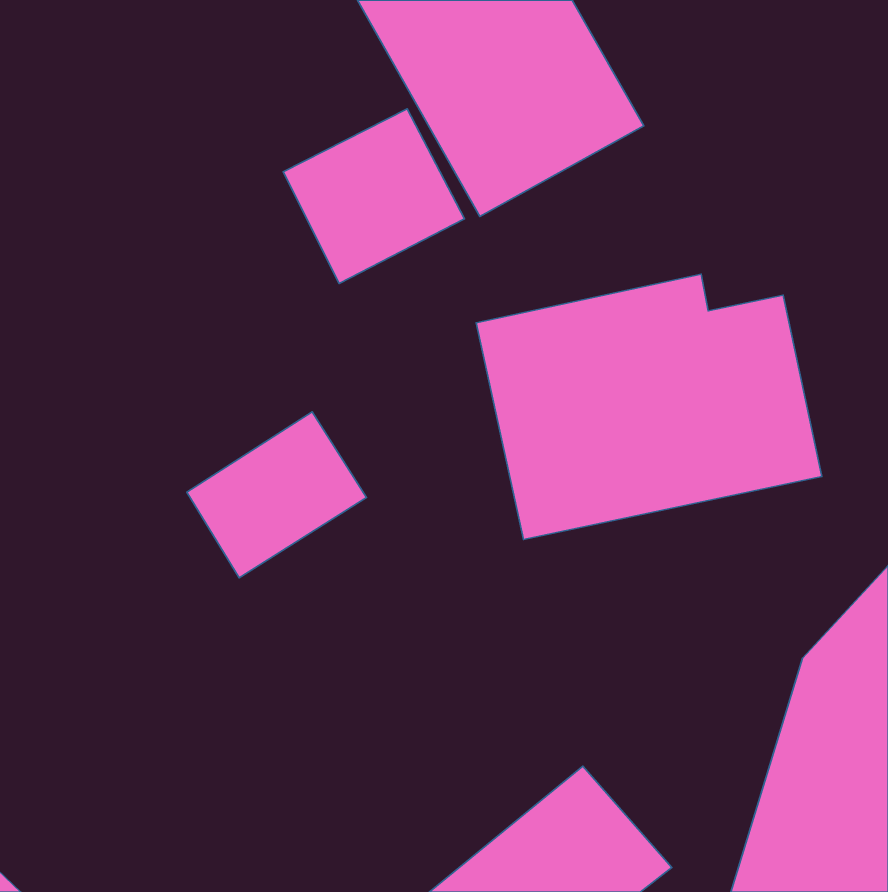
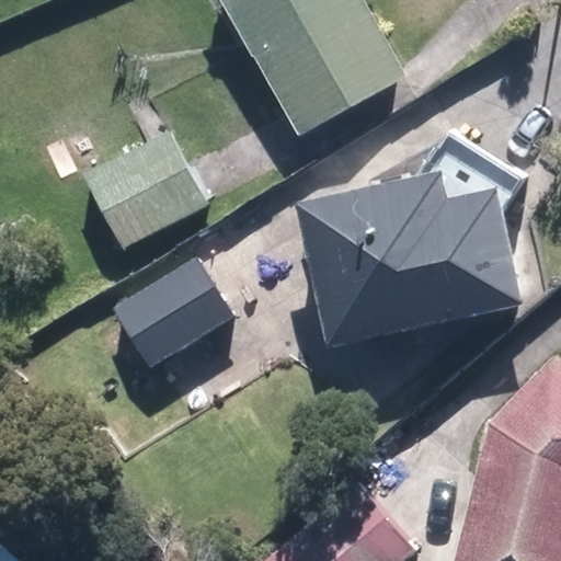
building: [283,109,465,283] -> [90,139,204,249]

